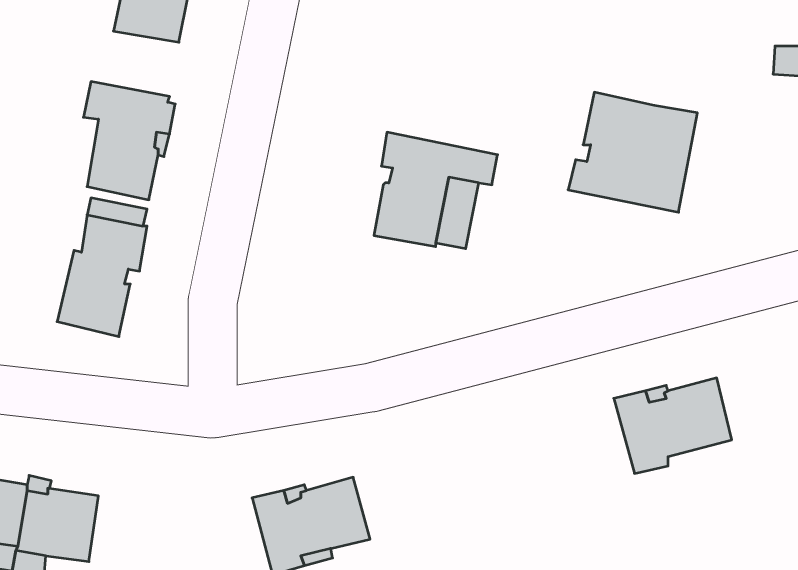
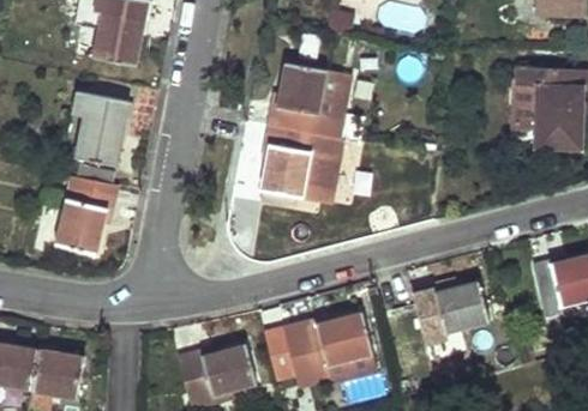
building: [568,92,697,212] -> [268,61,350,138]
building: none -> [283,310,373,386]

